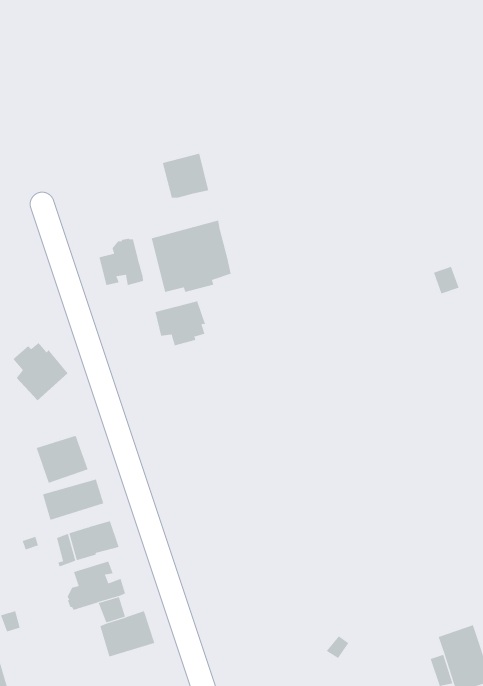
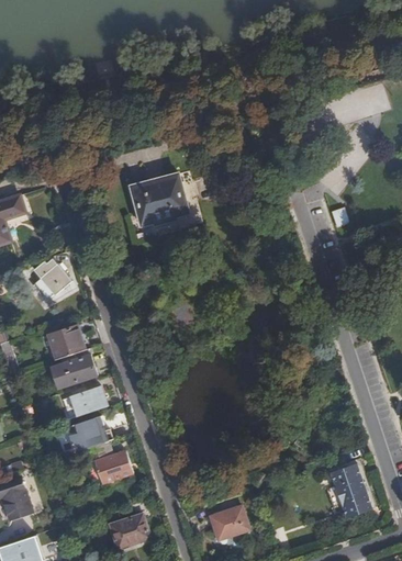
building: [162,153,209,198] -> none
building: [99,238,143,286] -> none
building: [155,300,206,346] -> none

